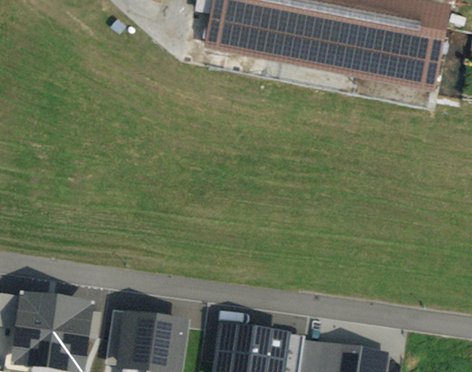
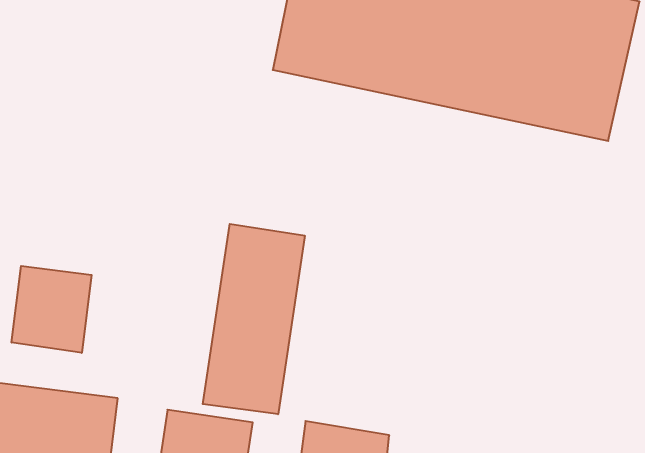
building: none -> [203,224,305,414]
building: none -> [12,266,92,353]

